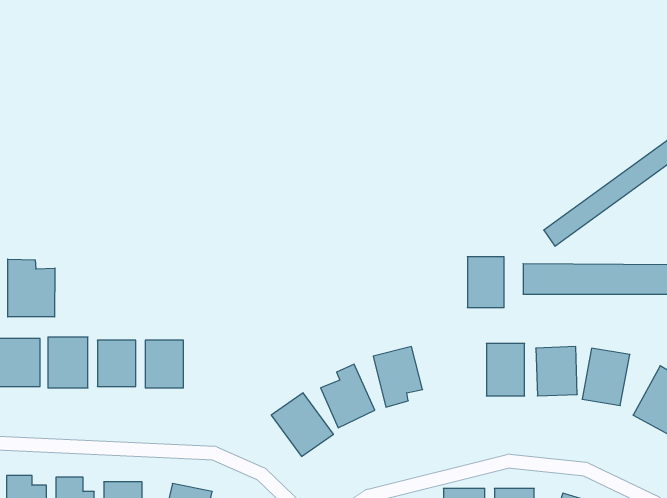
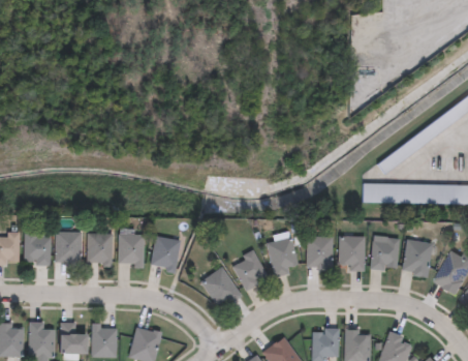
building: [467,257,504,308] -> [307,236,331,269]
building: [8,259,55,317] -> none
building: none -> [152,238,177,272]

